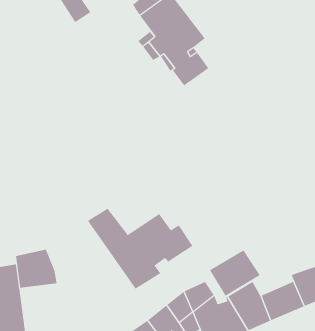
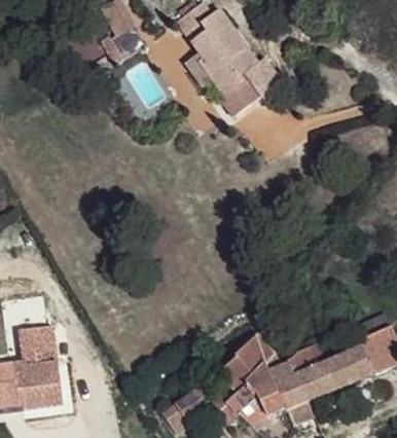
building: [87,208,193,289] -> none
building: [16,249,57,289] -> none
building: [209,249,260,297] -> none

